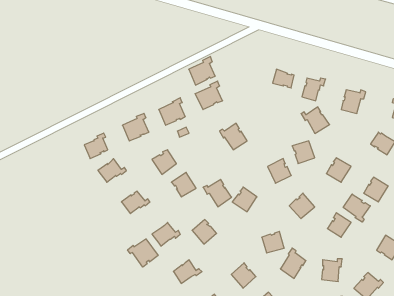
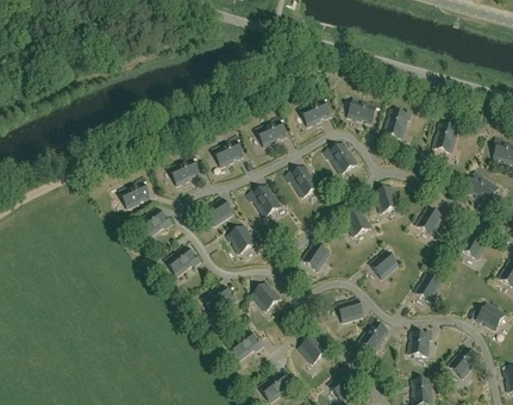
building: [189,57,215,85] -> [301,94,333,129]
building: [301,107,330,133] -> [324,143,358,175]
building: [203,179,232,207] -> [248,185,282,218]
building: [343,194,370,222] -> none
building: [128,239,158,267] -> none

